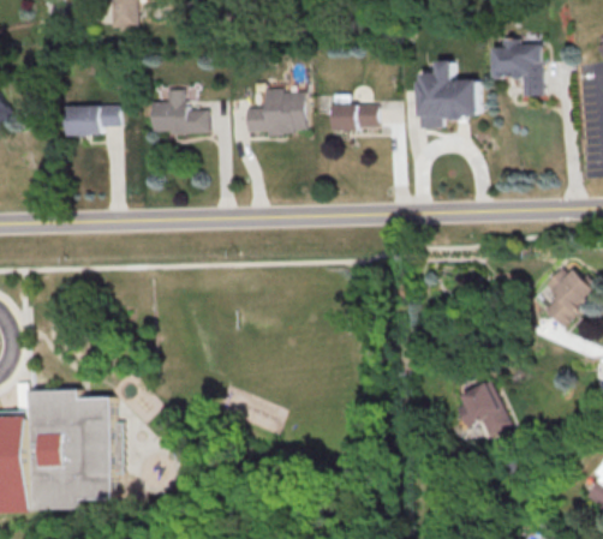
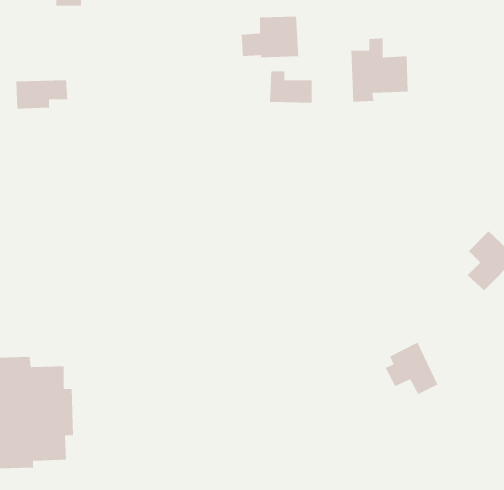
building: [492,40,542,96] -> none
building: [151,89,209,133] -> none
building: [246,89,308,133] -> [241,16,299,58]

